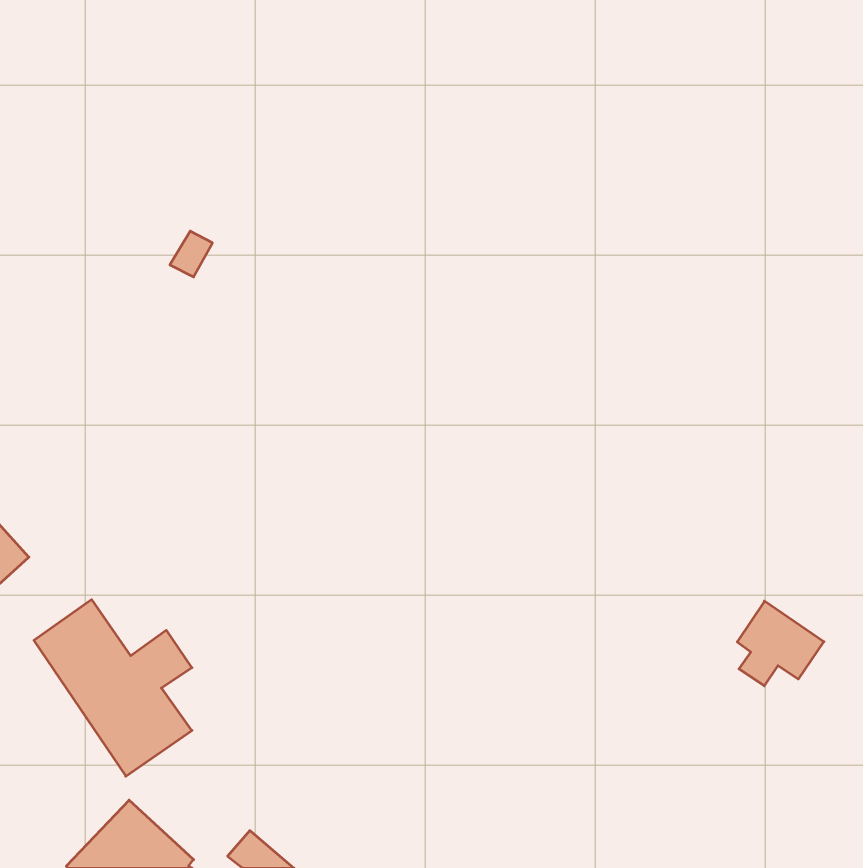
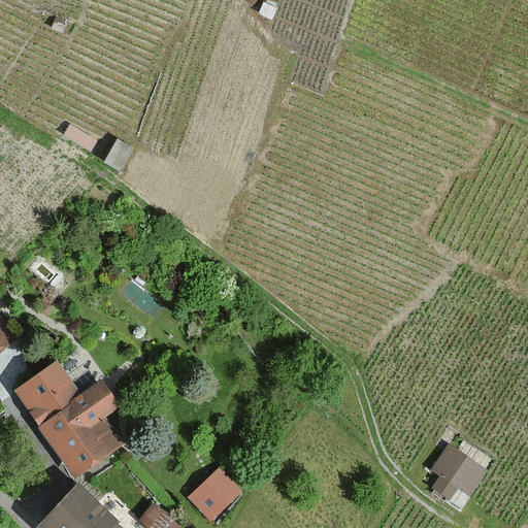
building: [737,601,824,686] -> [431,443,484,495]
building: none -> [189,468,239,518]

